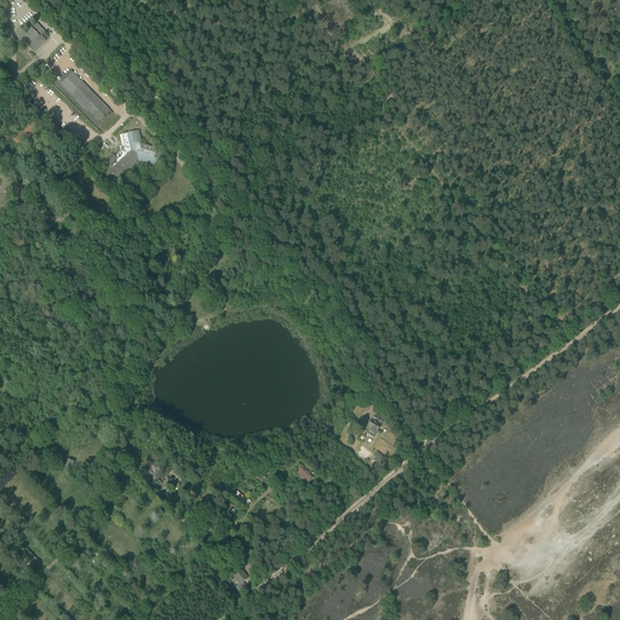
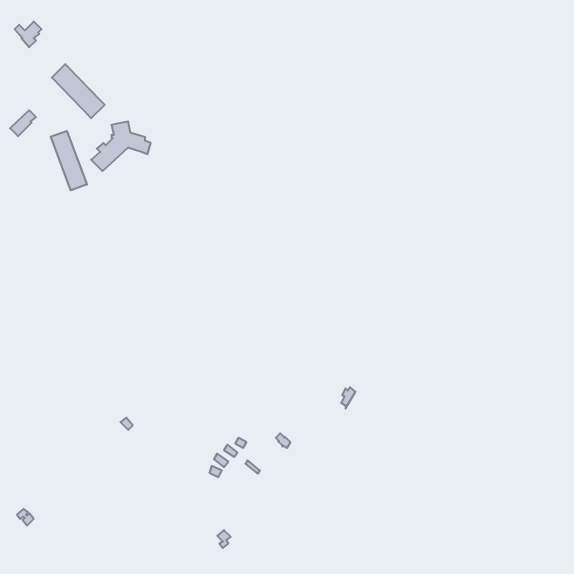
building: none -> [51,131,87,190]

